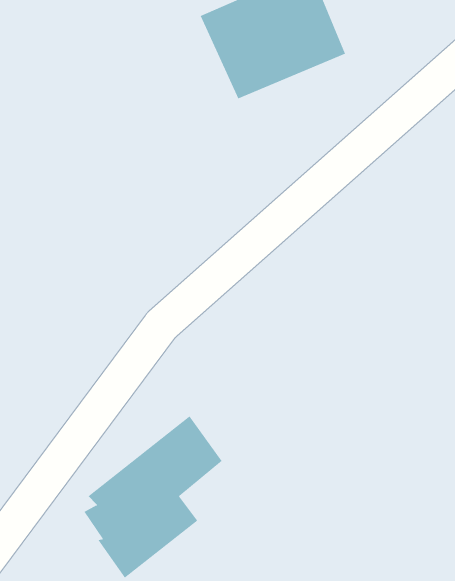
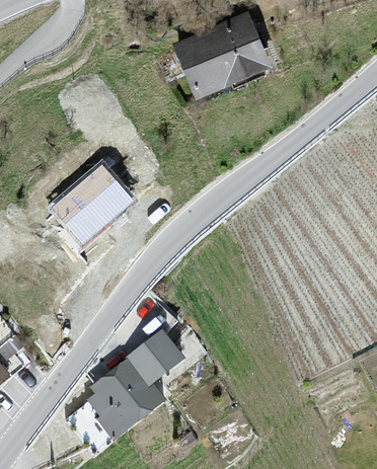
building: none -> [48,159,131,239]

